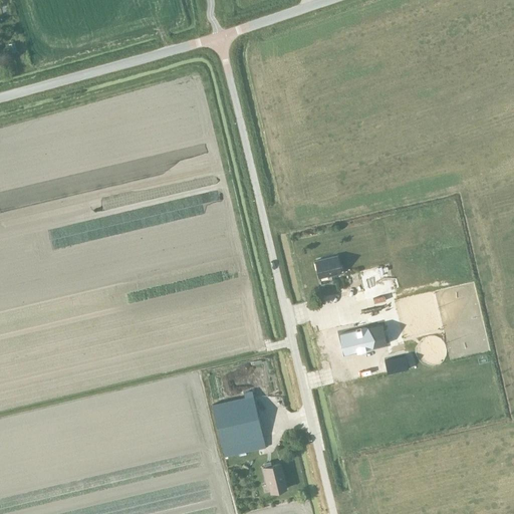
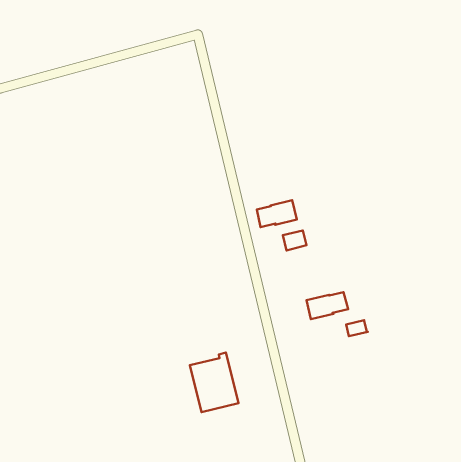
building: none -> [257,200,297,227]
building: [263,464,286,493] -> none

